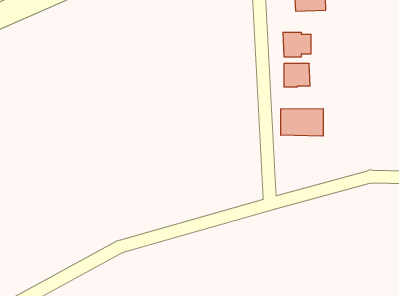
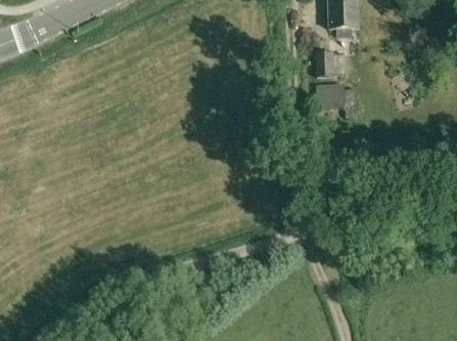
building: [281,109,323,136] -> none

